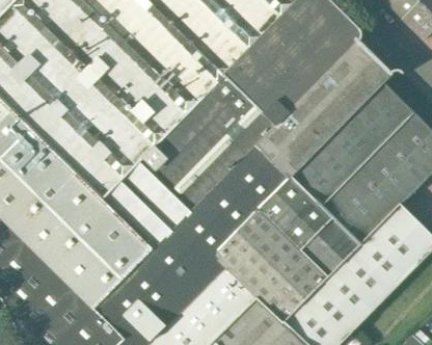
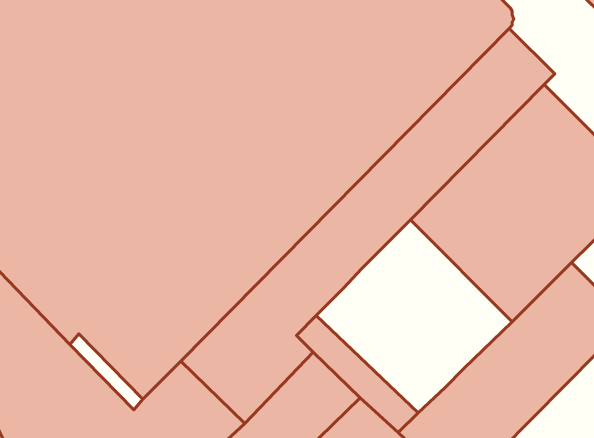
building: [258,175,360,276] -> none
building: [226,221,315,307] -> none

